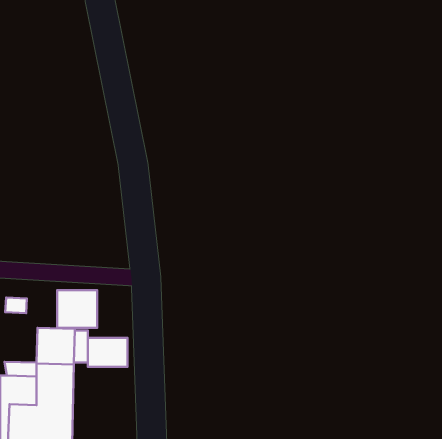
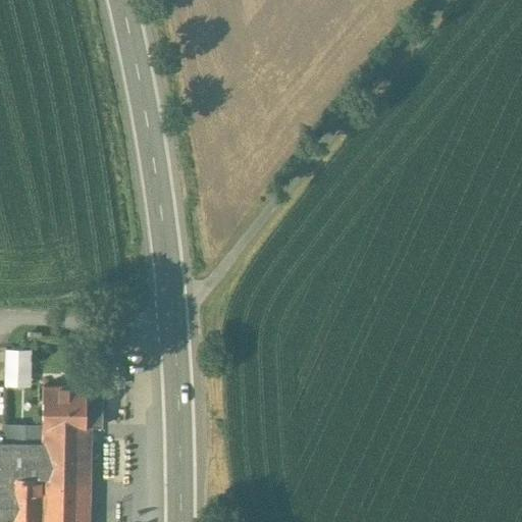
building: [57,290,97,328] -> none
building: [88,338,128,367] -> none

